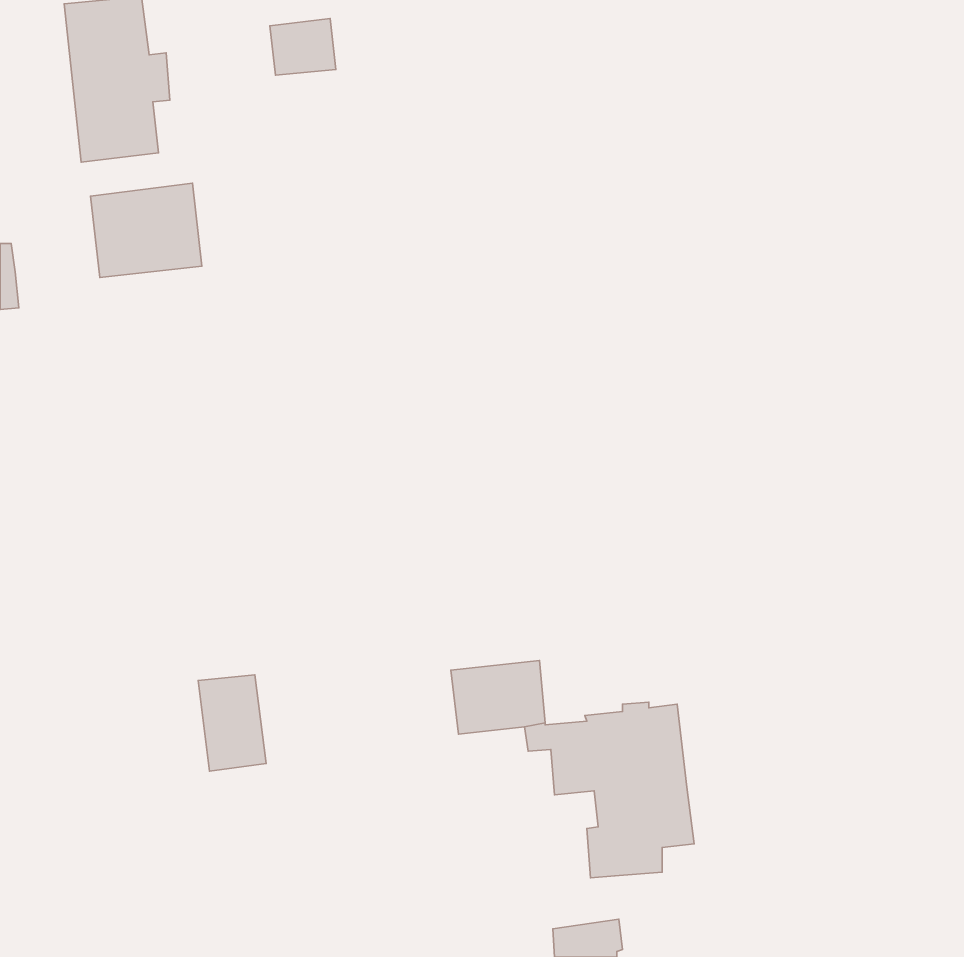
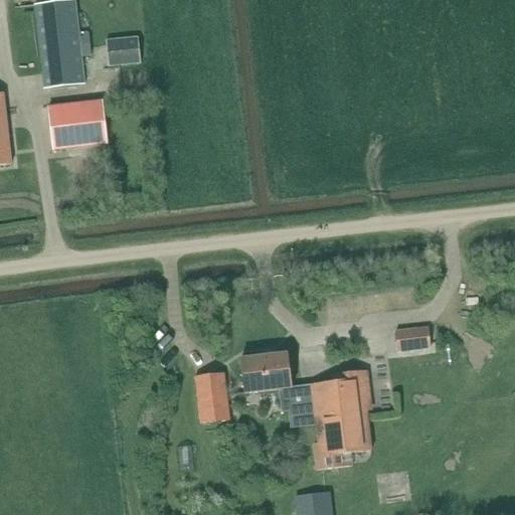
building: [270,18,336,75] -> [106,34,141,64]
building: none -> [395,325,431,349]
building: [198,675,266,771] -> [194,371,230,422]

